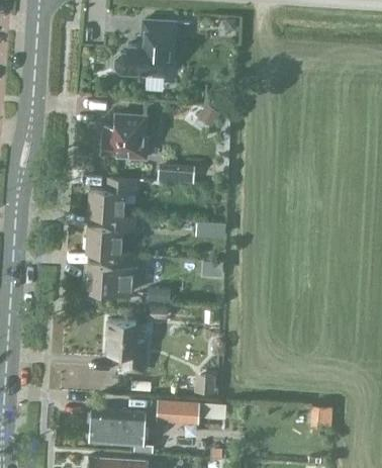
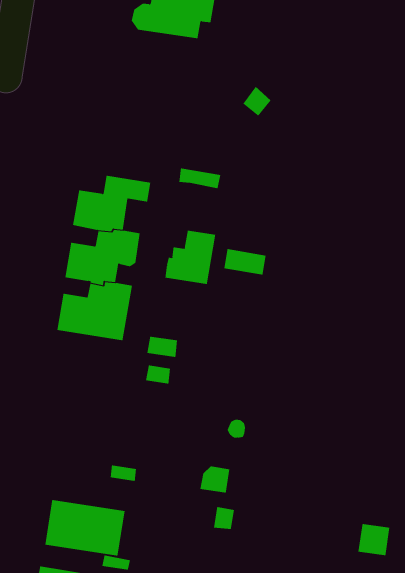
building: [101,114,148,159] -> none
building: none -> [165,230,216,285]
building: [106,321,144,373] -> none
building: [157,400,200,425] -> none

